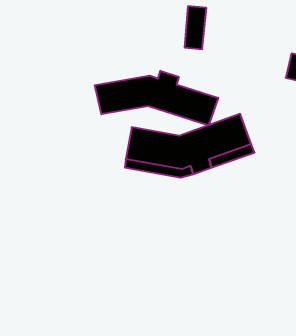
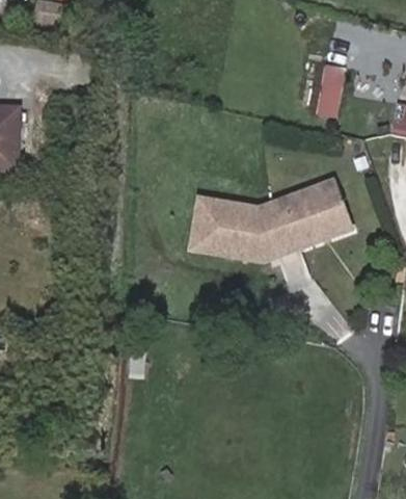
building: [185,6,206,49] -> [319,63,346,116]
building: [95,71,218,125] -> none

